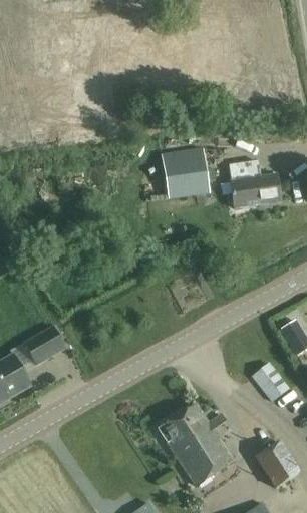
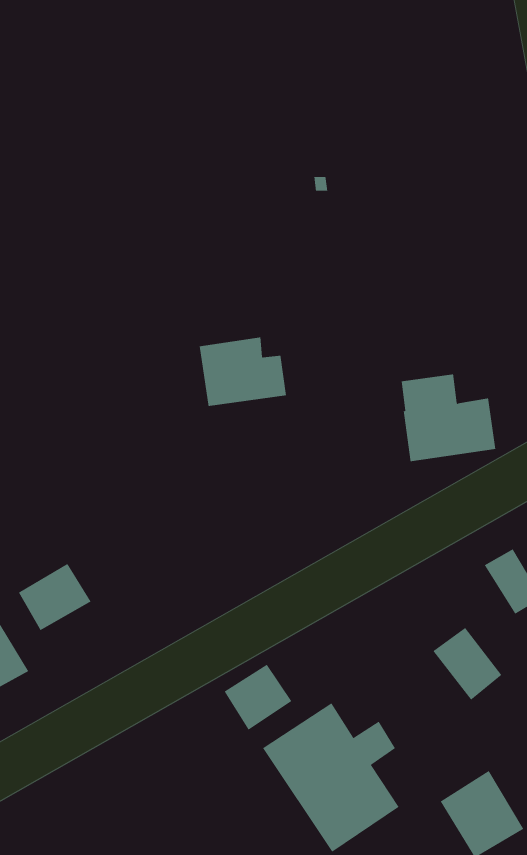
building: [165,159,213,197] -> [199,337,287,406]
building: [228,160,280,208] -> [401,374,496,462]
building: none -> [224,664,292,731]

